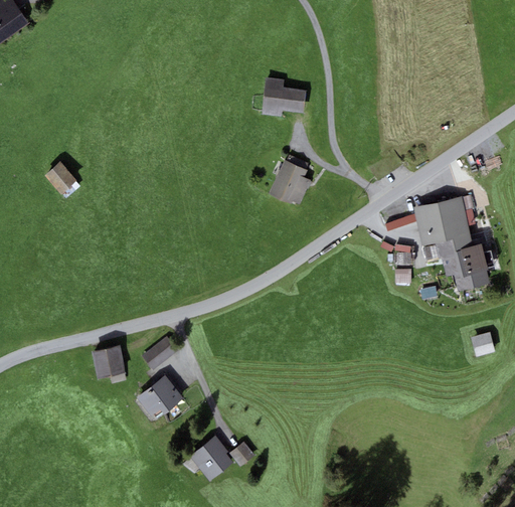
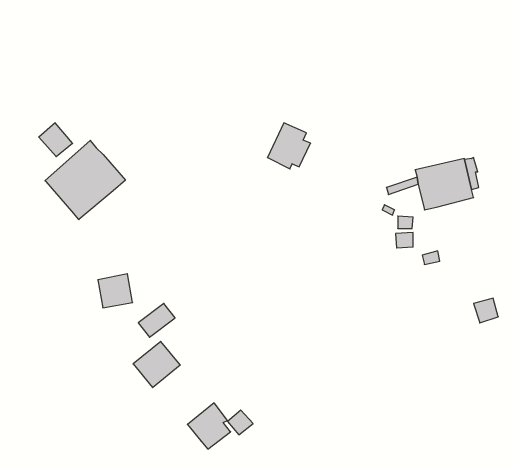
building: [260,76,306,117] -> none
building: none -> [45,140,125,220]
building: [435,233,494,291] -> none
building: [91,345,125,378] -> [98,274,133,308]

